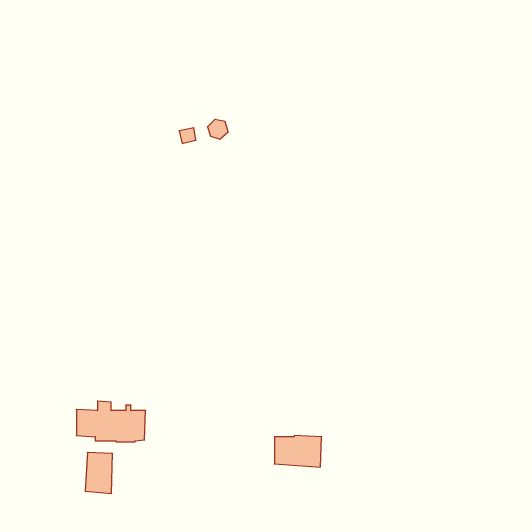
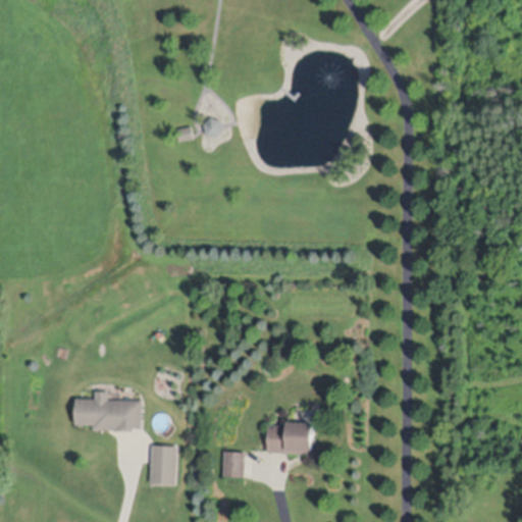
building: [85,453,113,493] -> [150,445,176,484]
building: none -> [222,452,244,477]

